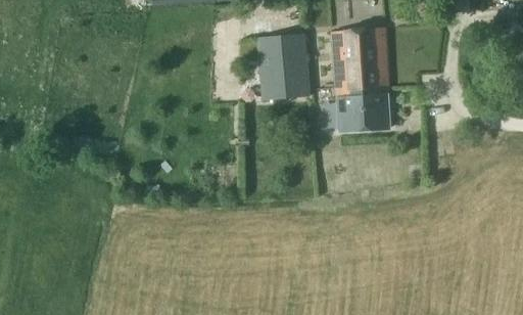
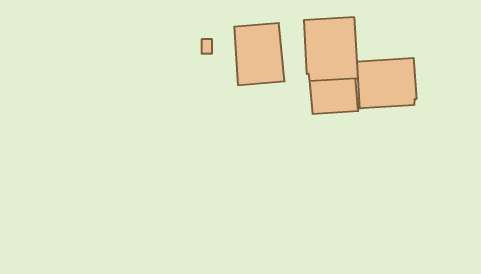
building: none -> [357,58,416,109]

